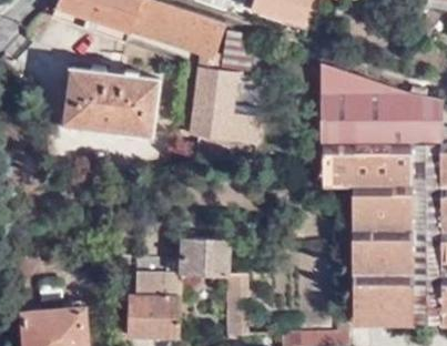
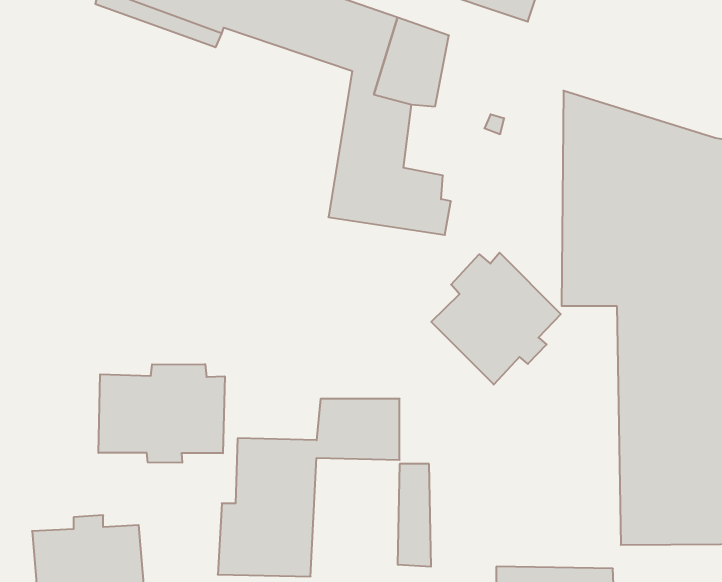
building: [62,69,156,132] -> none
building: none -> [431,253,561,385]
building: none -> [98,364,225,463]

